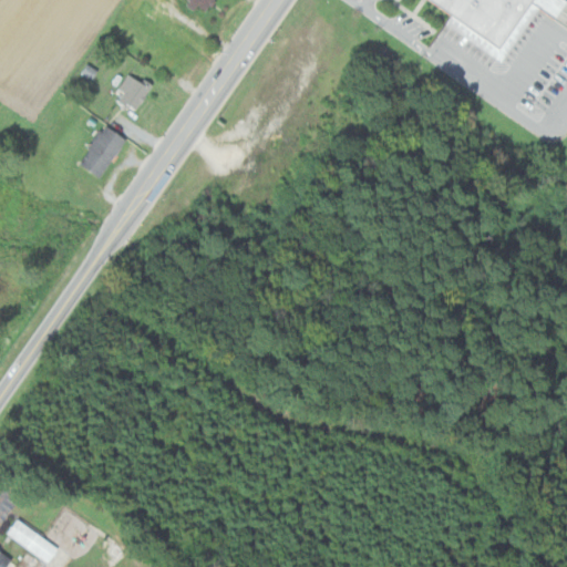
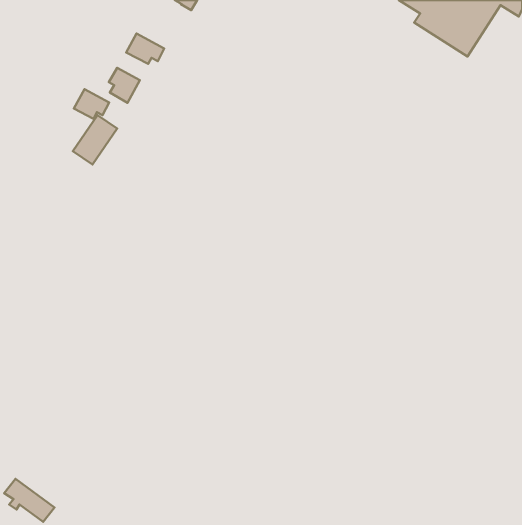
building: none -> [126,34,164,64]
building: none -> [74,89,109,119]

